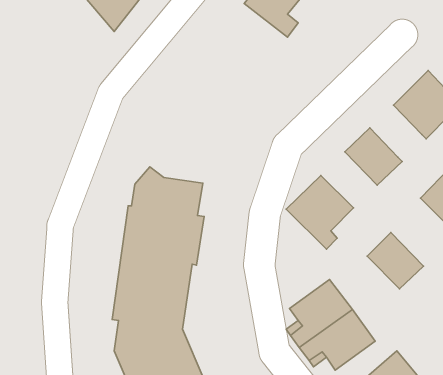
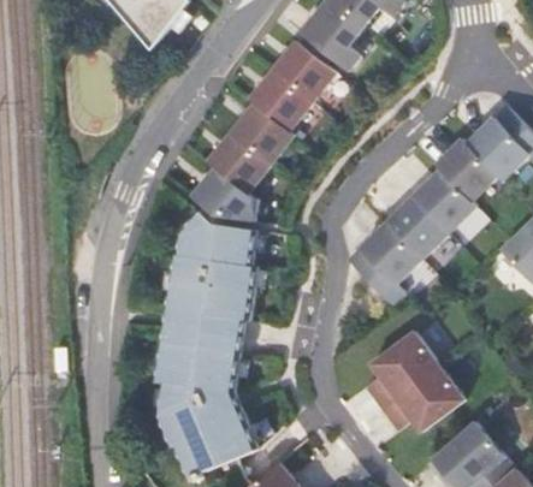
building: none -> [193,41,337,222]
building: none -> [438,137,501,201]
building: [367,232,423,289] -> [389,195,451,257]

